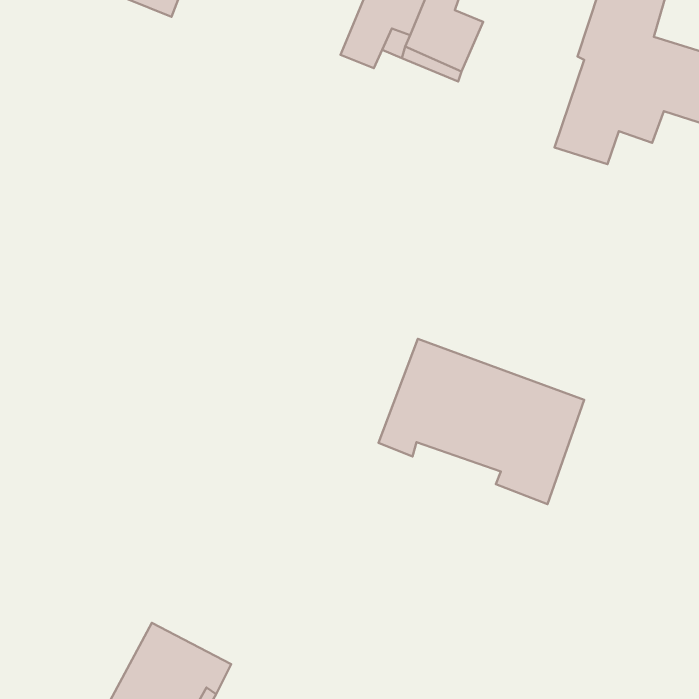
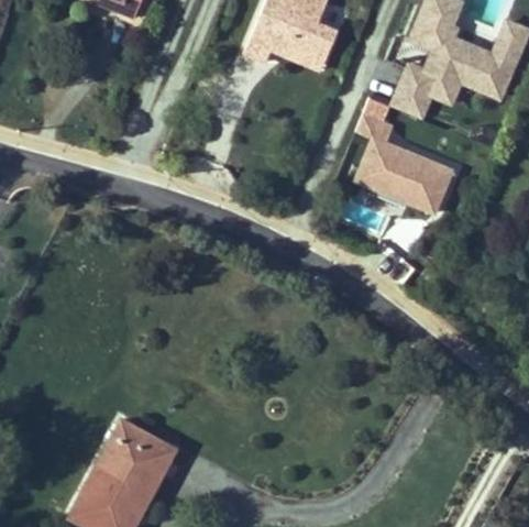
building: none -> [353,96,458,215]
building: [379,339,584,504] -> none

